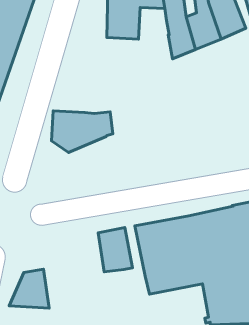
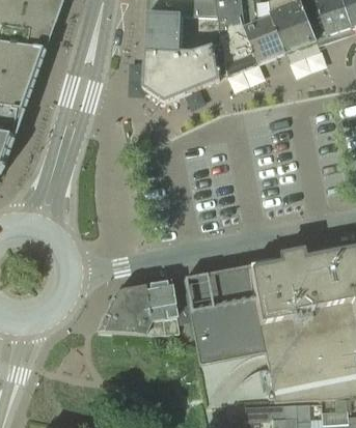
building: [51,111,113,153] -> [146,49,221,99]
building: [9,269,49,308] -> [97,286,145,334]

